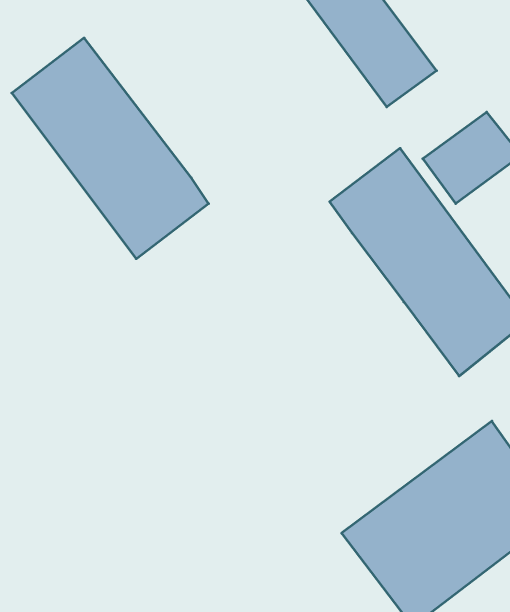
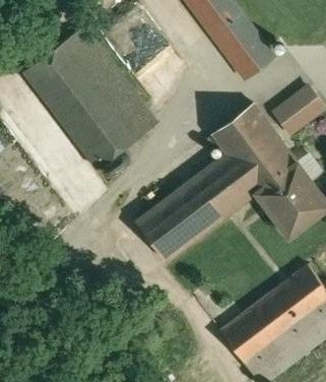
building: none -> [68,27,146,121]
building: none -> [136,153,256,262]

